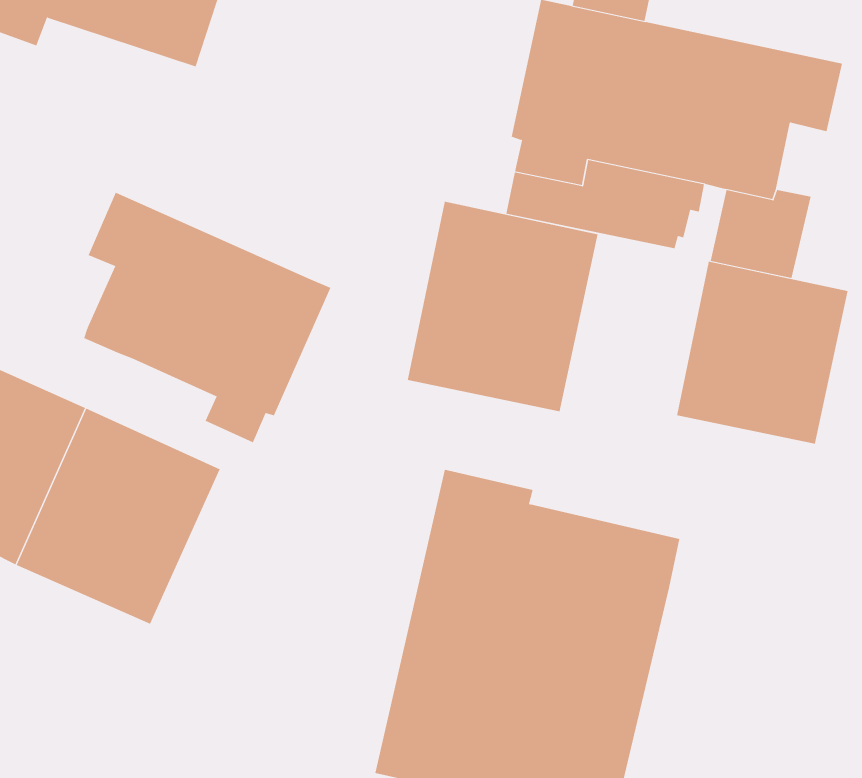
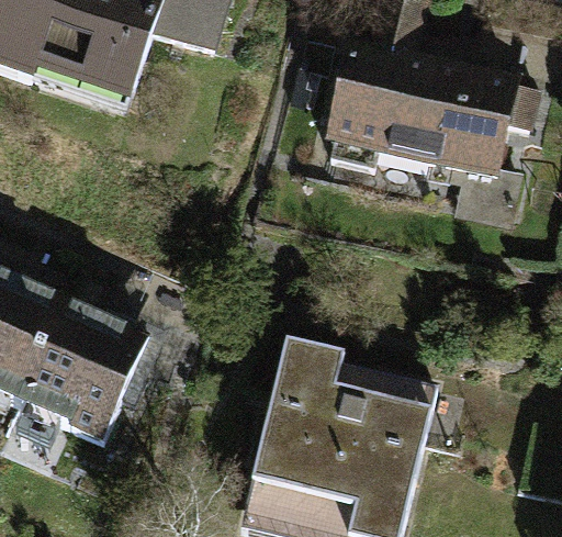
building: [83,192,331,443] -> none
building: [407,201,598,412] -> none
building: [676,261,848,444] -> none

